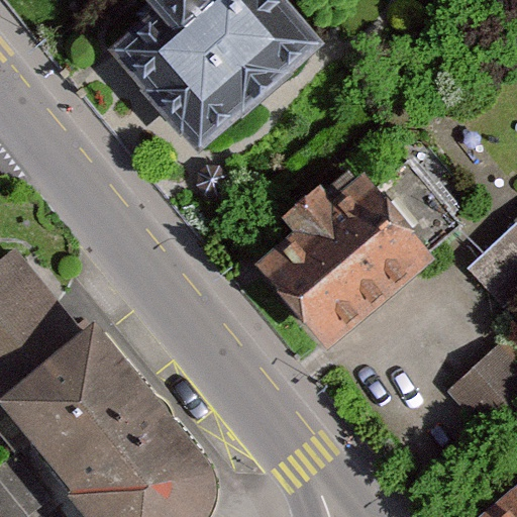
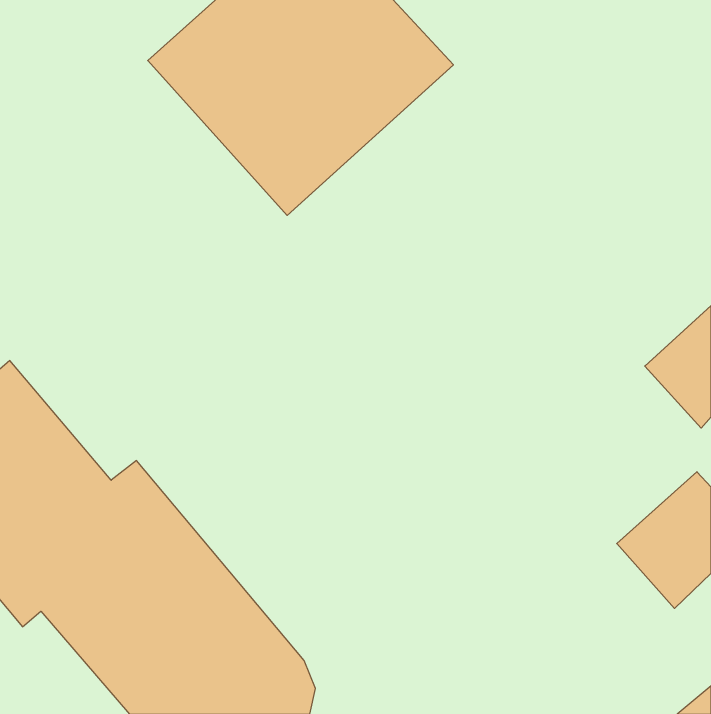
building: [261,173,439,346] -> none

